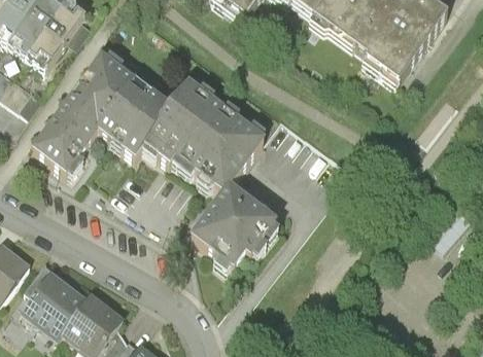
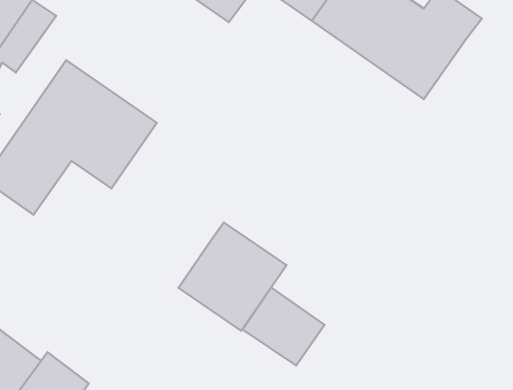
building: [147,81,269,200] -> none
building: none -> [243,288,324,365]

